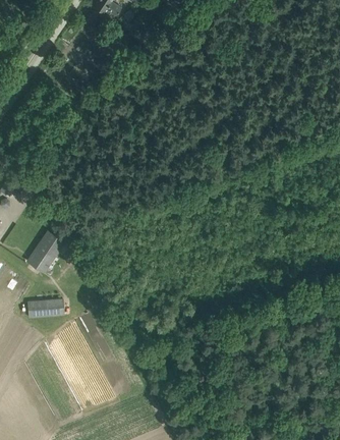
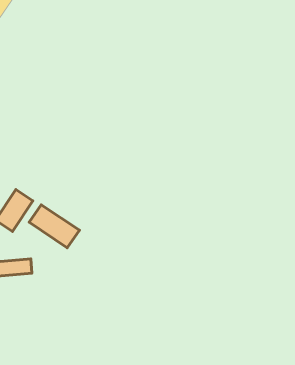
building: none -> [29,205,79,248]

